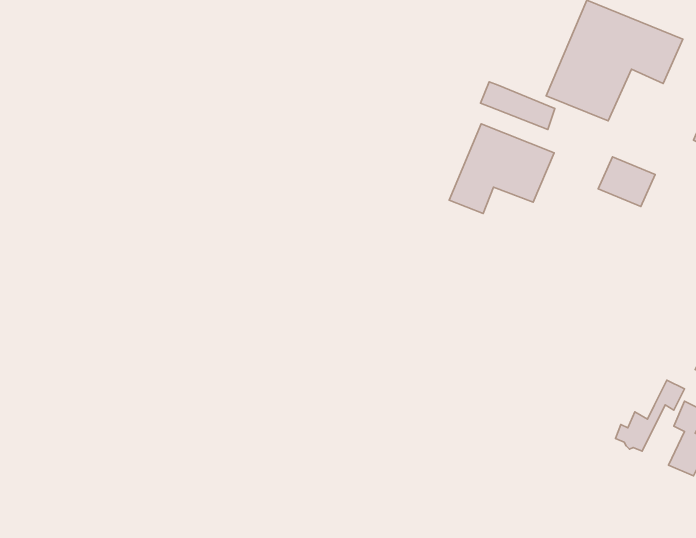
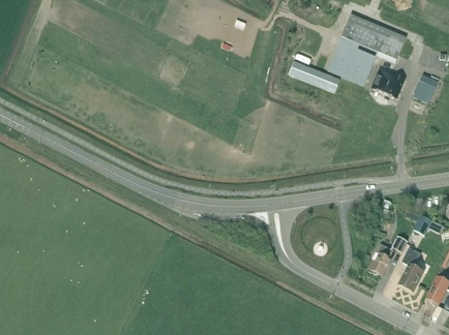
building: [449,124,554,213] -> none
building: [598,157,655,207] -> [371,68,405,97]

